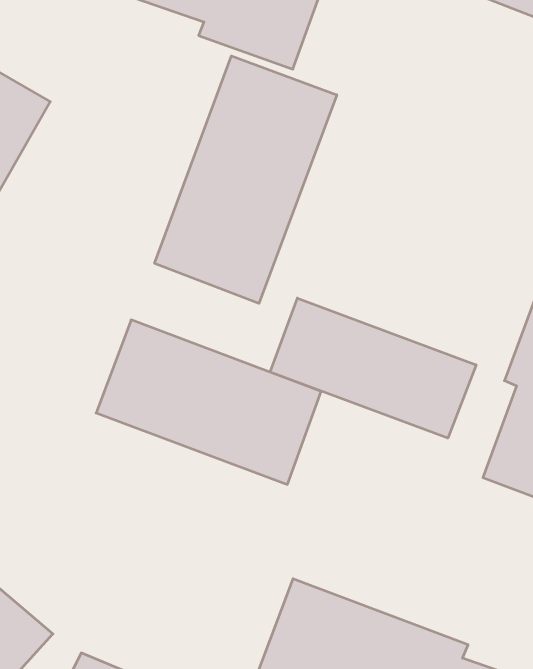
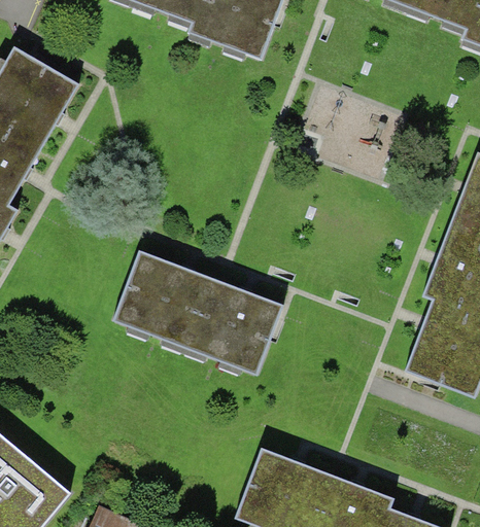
building: [155,56,337,303] -> none
building: [270,298,476,438] -> none

